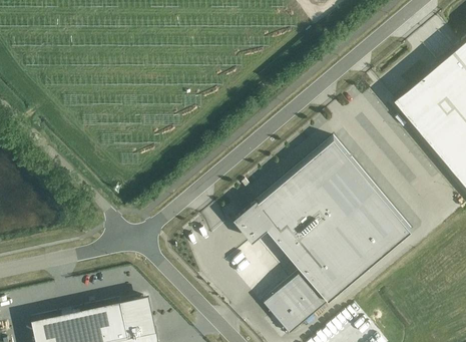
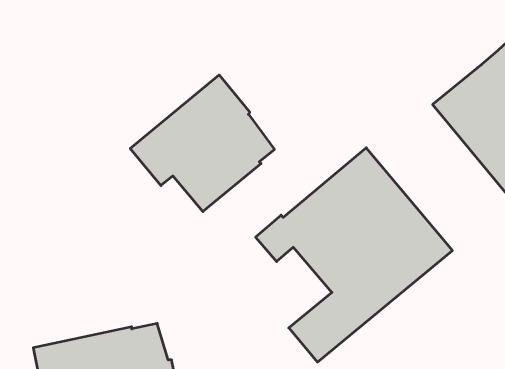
building: none -> [130,75,274,212]

